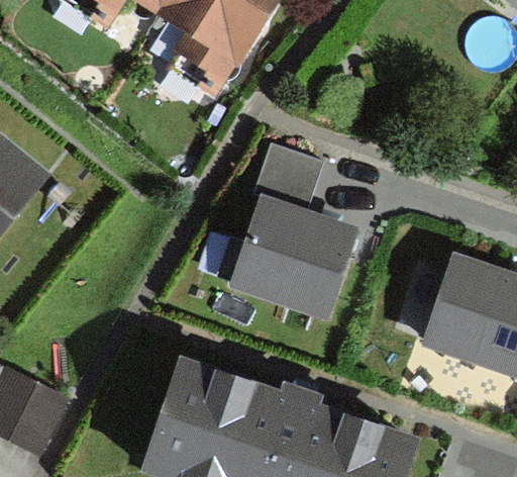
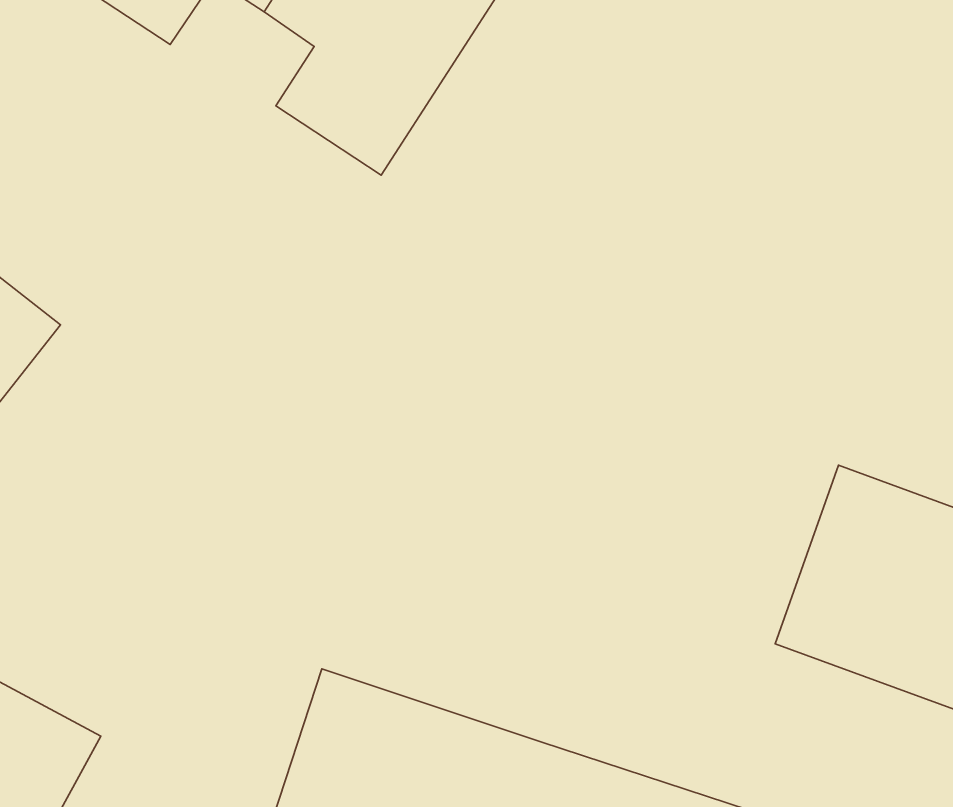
building: [221,139,357,316] -> none

